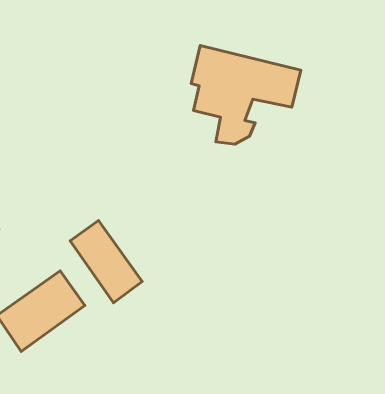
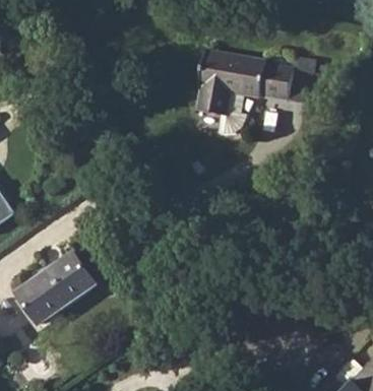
building: [70,220,142,303] -> none

